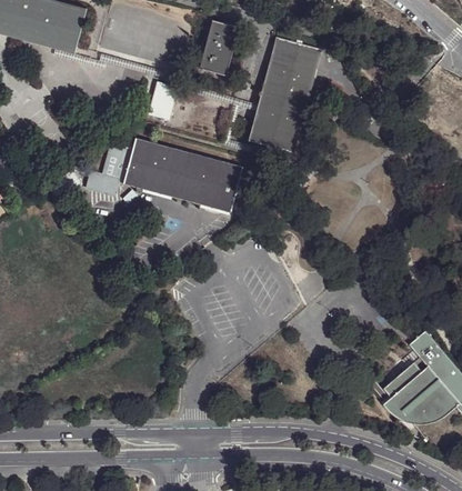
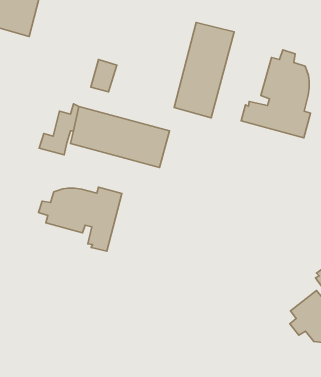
building: [197,20,244,77] -> none
building: none -> [241,50,310,138]
building: none -> [38,187,122,251]

